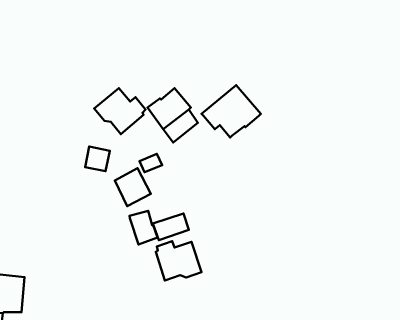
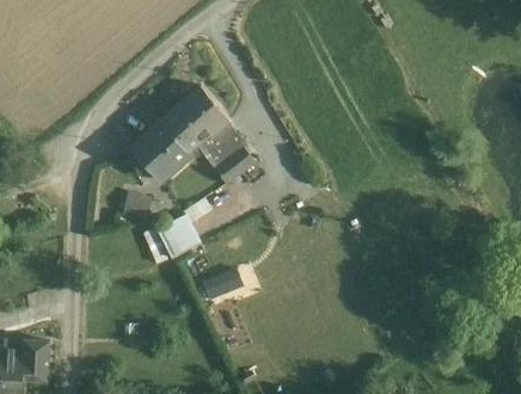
building: [201,85,261,137] -> [158,86,227,147]
building: [129,211,158,245] -> none
building: [156,241,202,280] -> none

